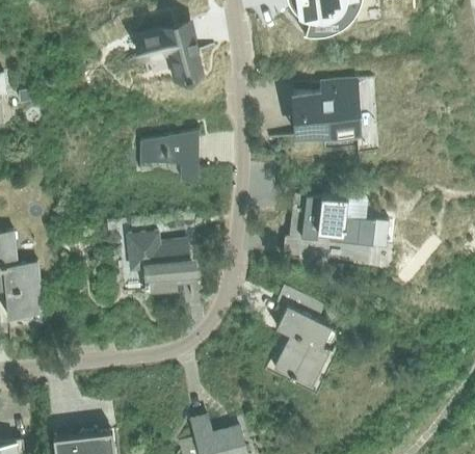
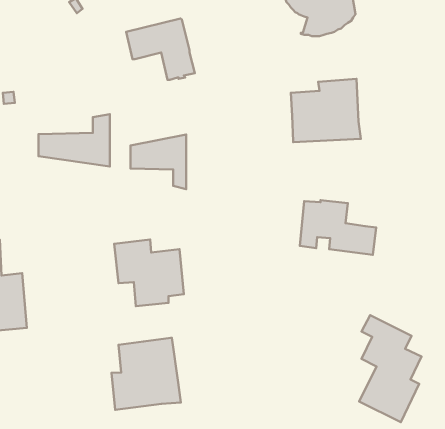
building: none -> [39,114,110,167]
building: [273,287,333,389] -> [359,315,421,422]
building: none -> [112,338,181,410]

